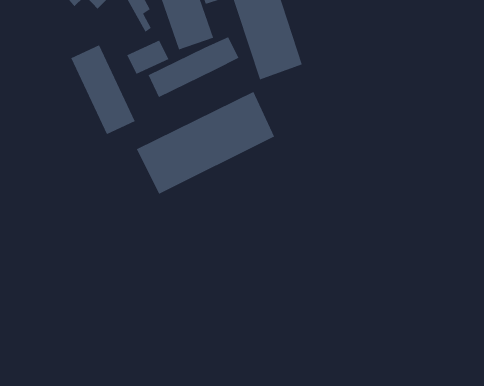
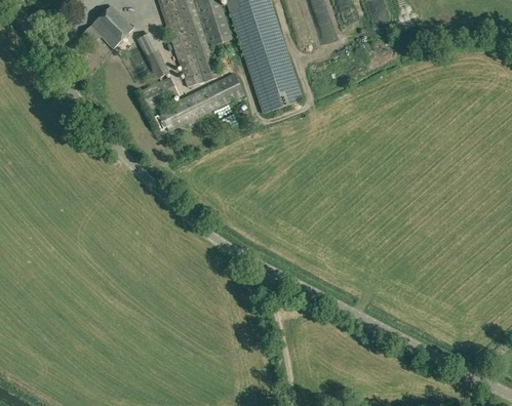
building: [70,44,136,135] -> none
building: [136,91,275,195] -> none

